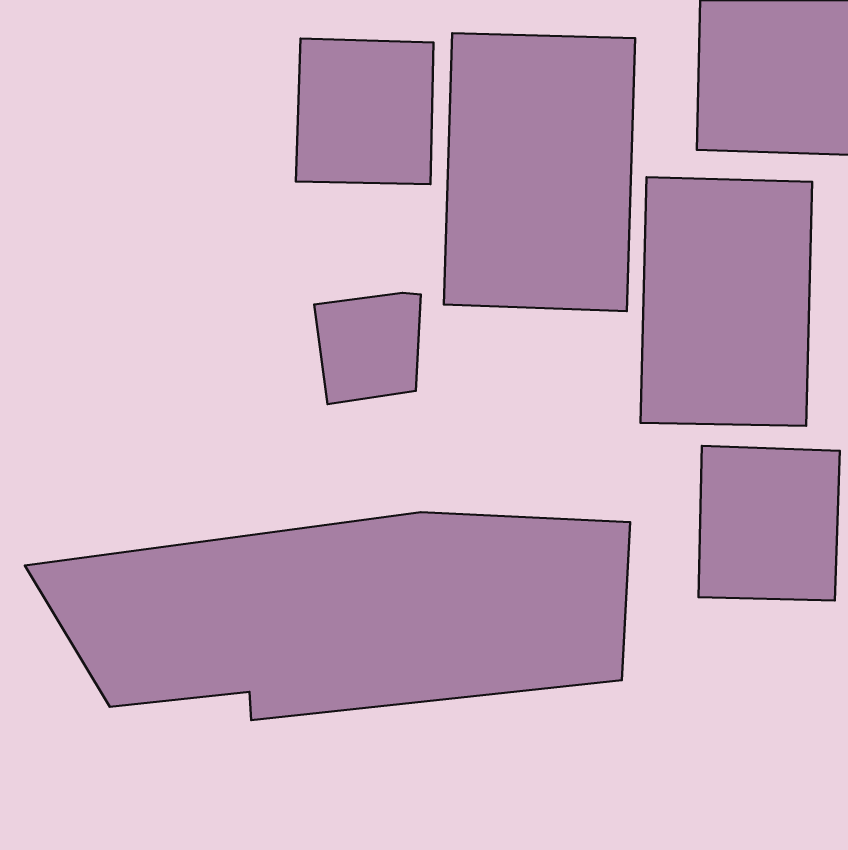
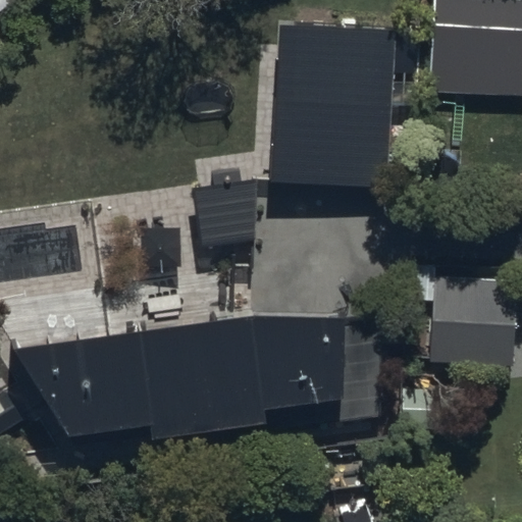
building: [296,39,433,184] -> none
building: [641,177,812,426] -> none

